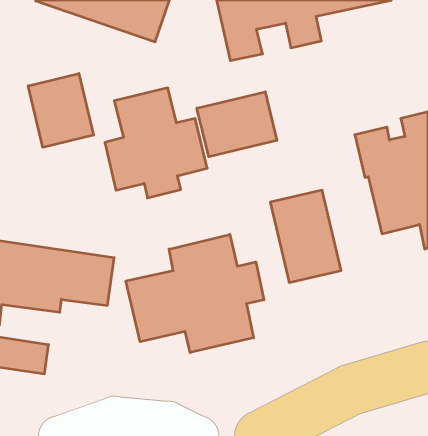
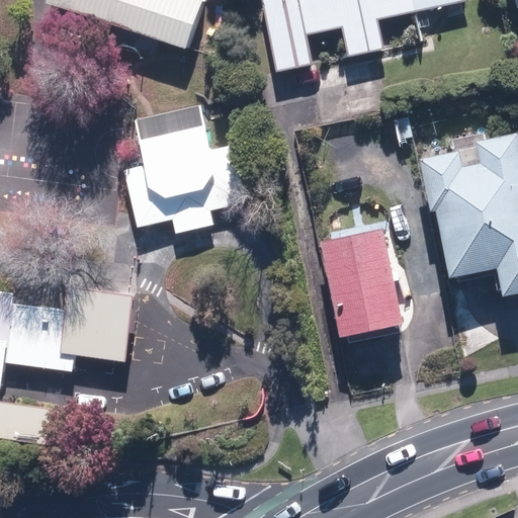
building: [28,73,94,147] -> none
building: [197,92,277,157] -> none
building: [126,234,264,353] -> none

